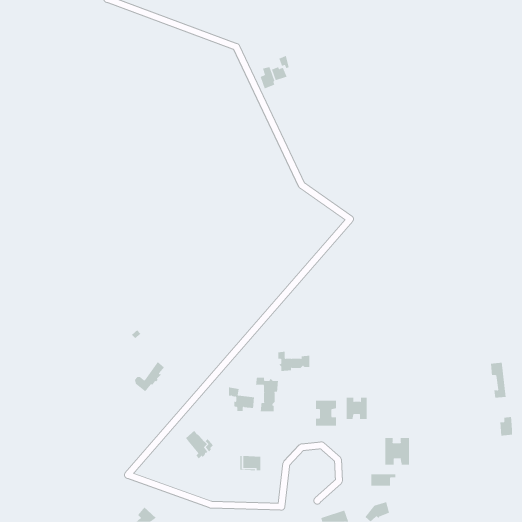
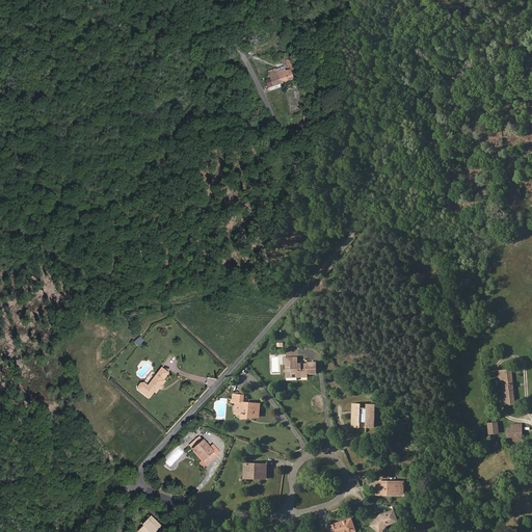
building: [255,377,279,412] -> none
building: [316,400,337,427] -> none
building: [385,437,410,466] -> none

